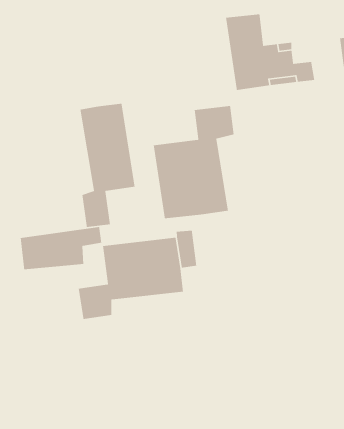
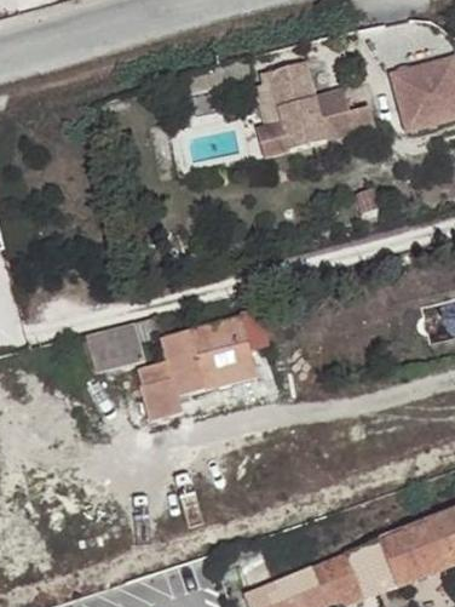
building: [80,103,136,228] -> none
building: [153,105,235,219] -> none

